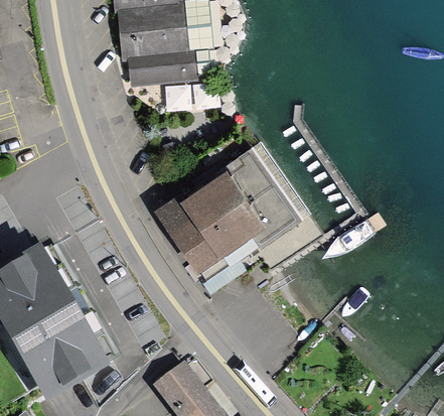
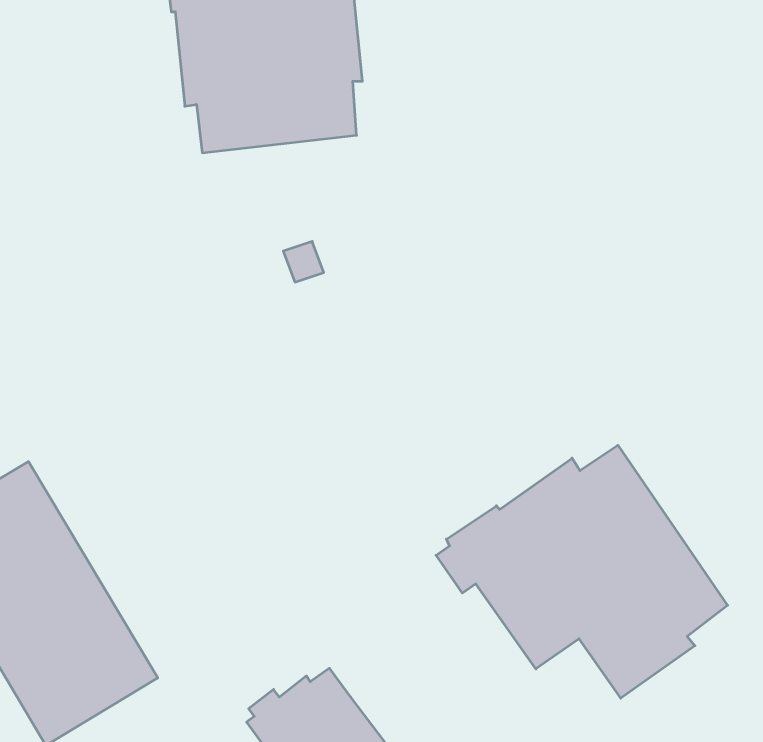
building: [154,148,301,284] -> none
building: none -> [436,445,728,698]

